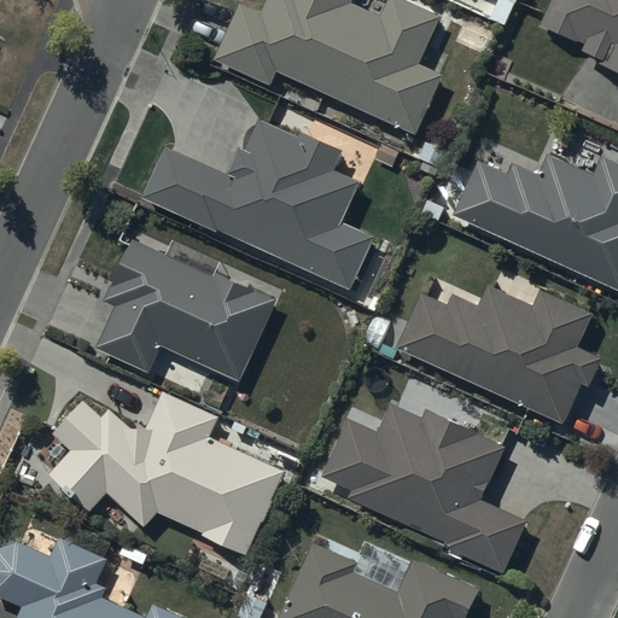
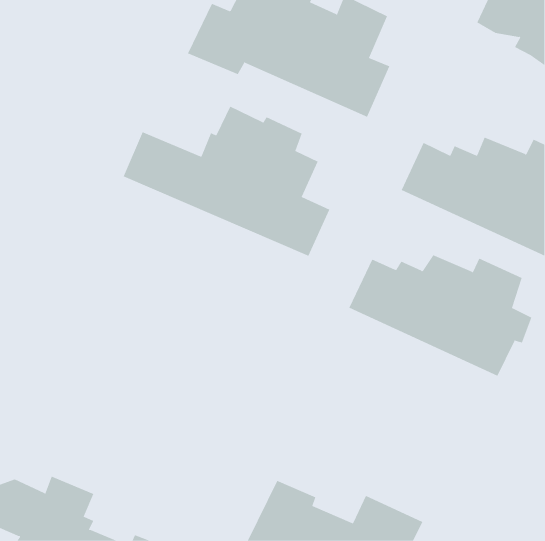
building: [95,238,276,380] -> none
building: [49,390,285,555] -> none
building: [320,404,526,575] -> none

